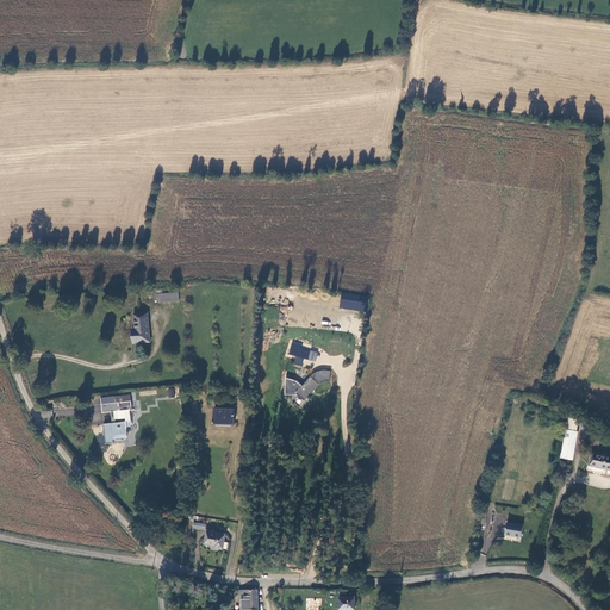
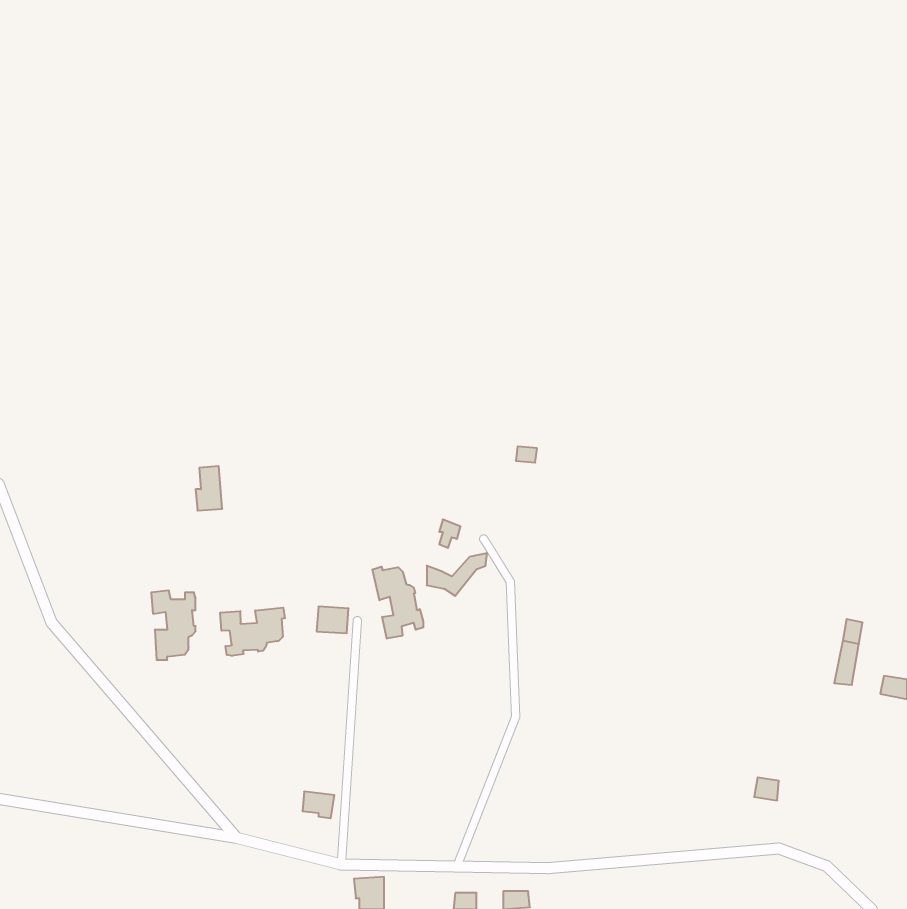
building: none -> [372,567,423,639]
building: none -> [220,608,285,656]

